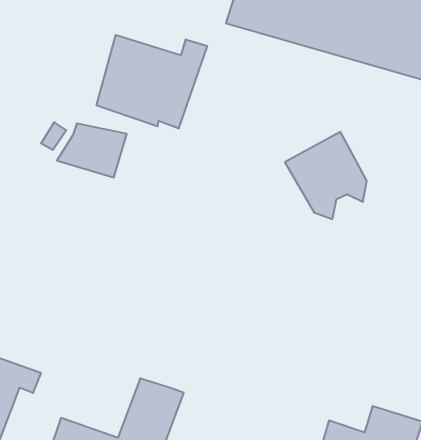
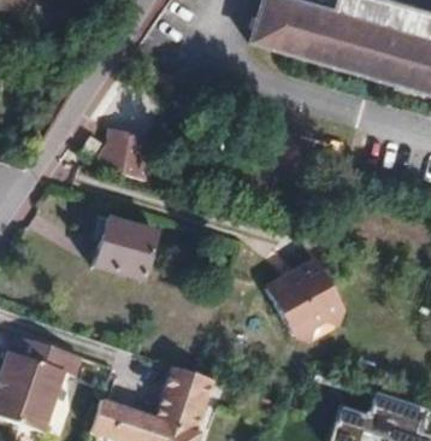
building: [97,35,207,129] -> none
building: [285,132,367,219] -> [267,261,342,341]
building: none -> [101,214,163,277]

